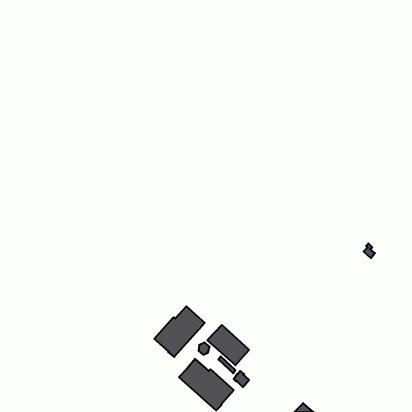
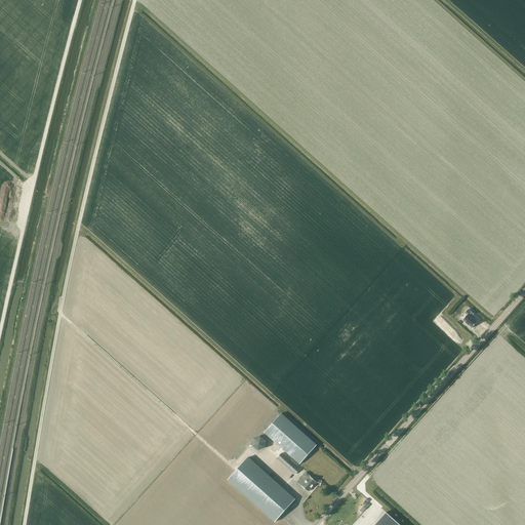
building: [154,306,205,357] -> none

